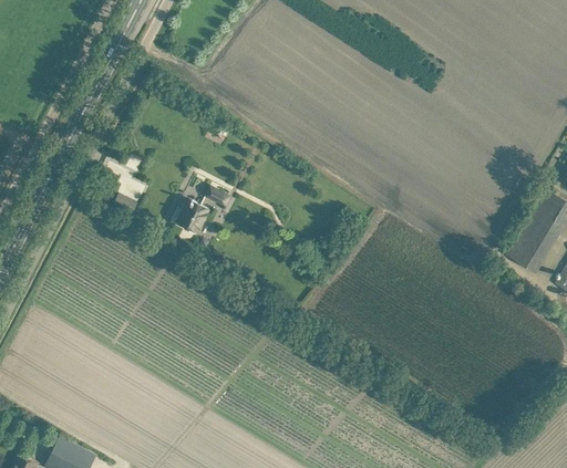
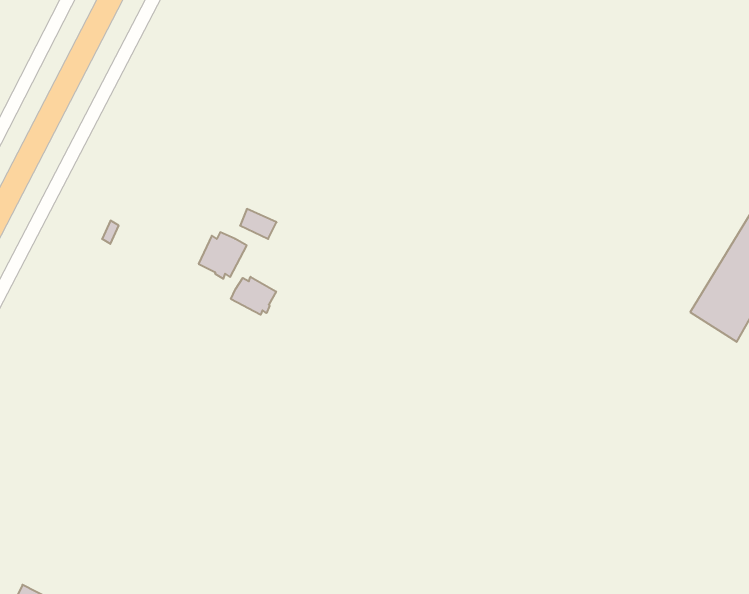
building: none -> [231,277,276,315]

